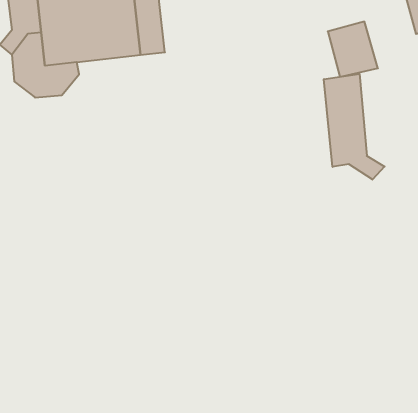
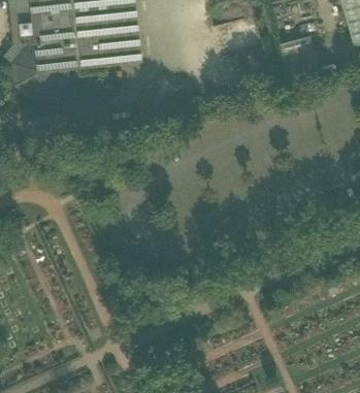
building: [324,74,385,180] -> none

